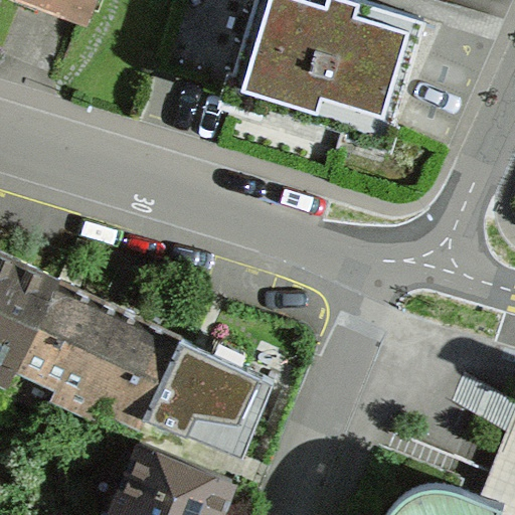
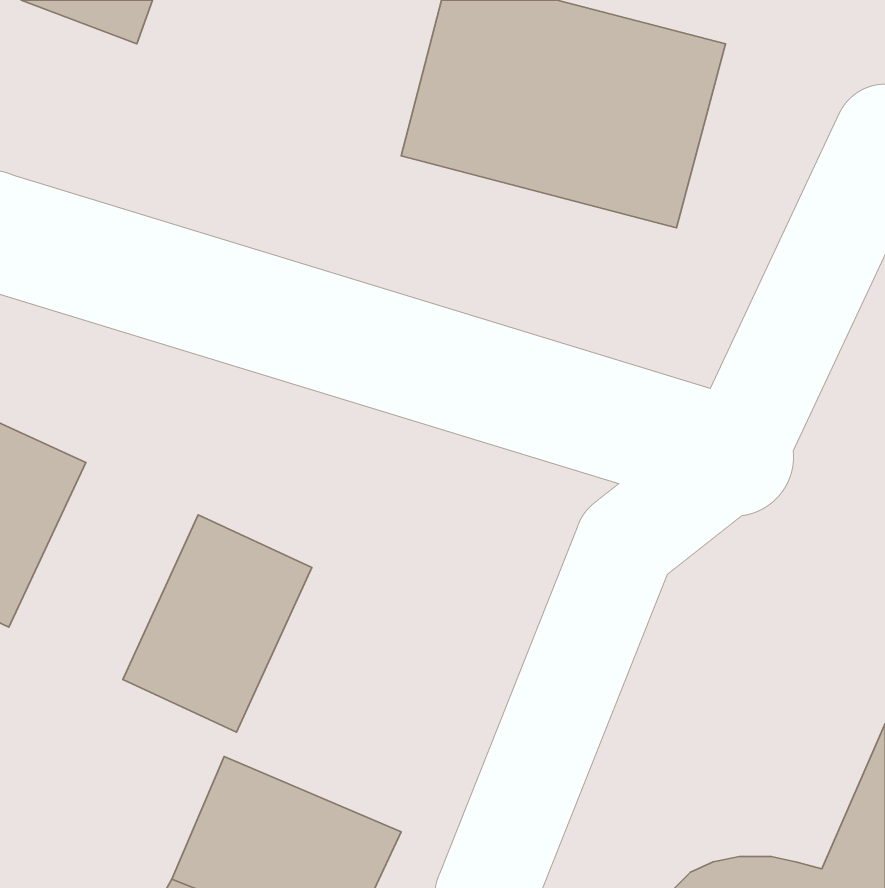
building: [5,270,114,394] -> none
building: [136,330,277,469] -> none

